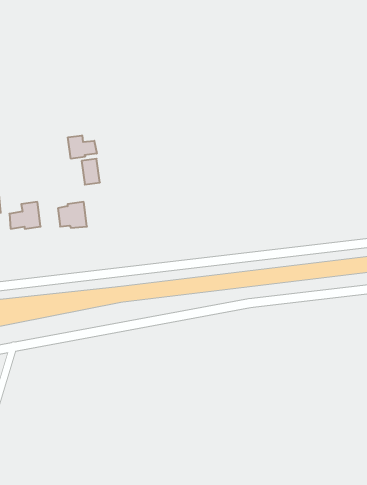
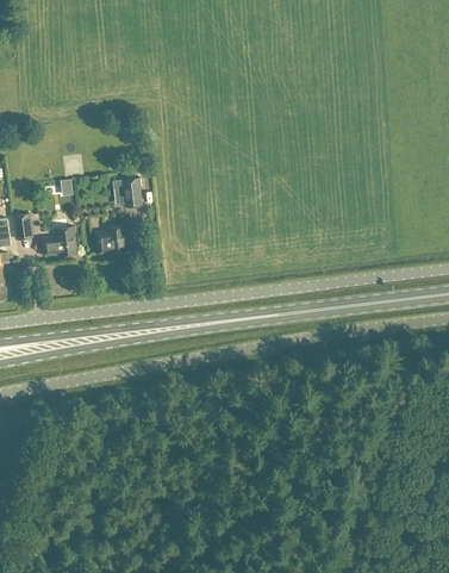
building: [68,135,97,159] -> none

